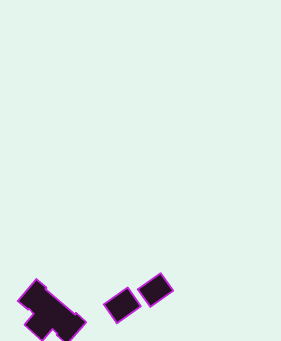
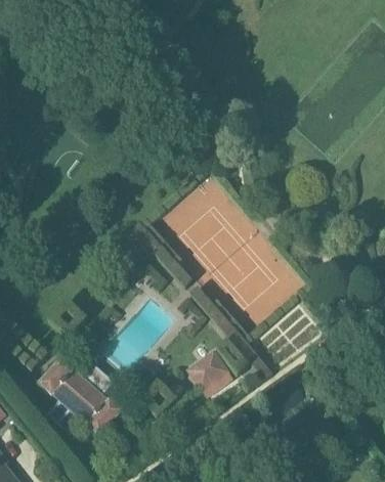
building: [104,288,141,323] -> none

